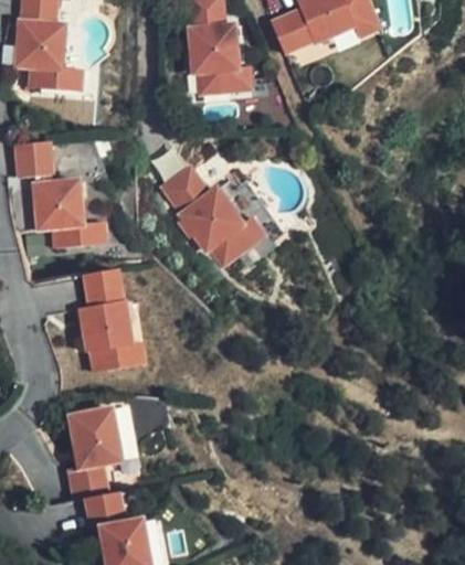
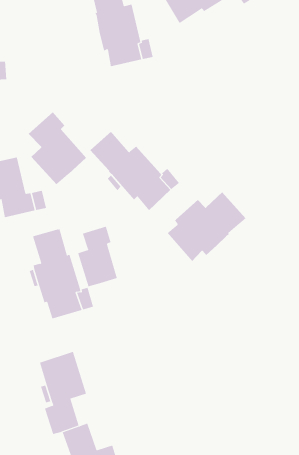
building: none -> [28,111,87,185]
building: none -> [167,192,246,262]
building: none -> [77,226,118,287]

